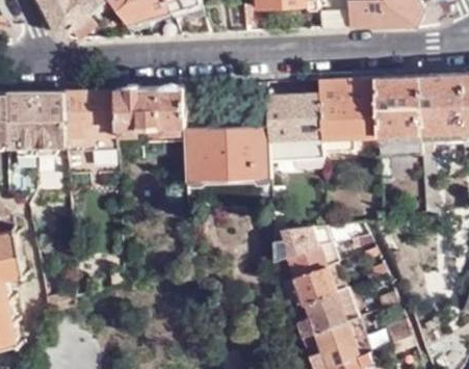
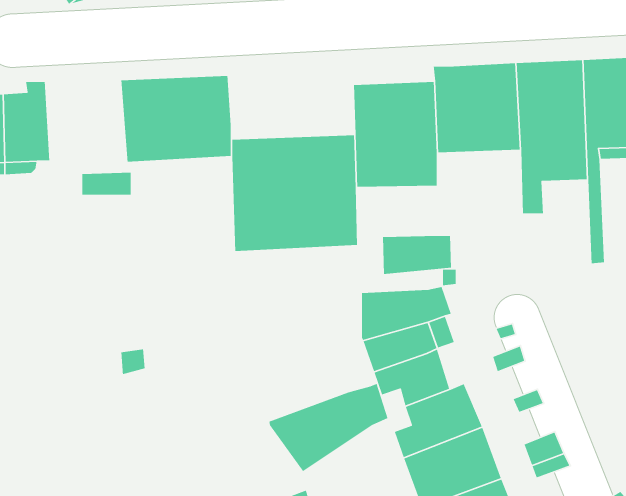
building: [62,88,116,150] -> none
building: none -> [382,235,452,275]
building: none -> [269,383,389,472]

